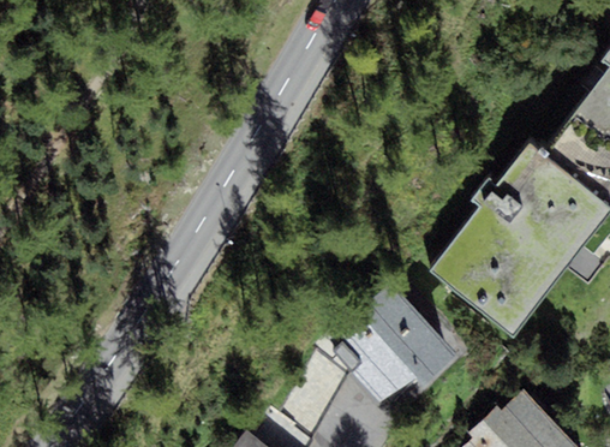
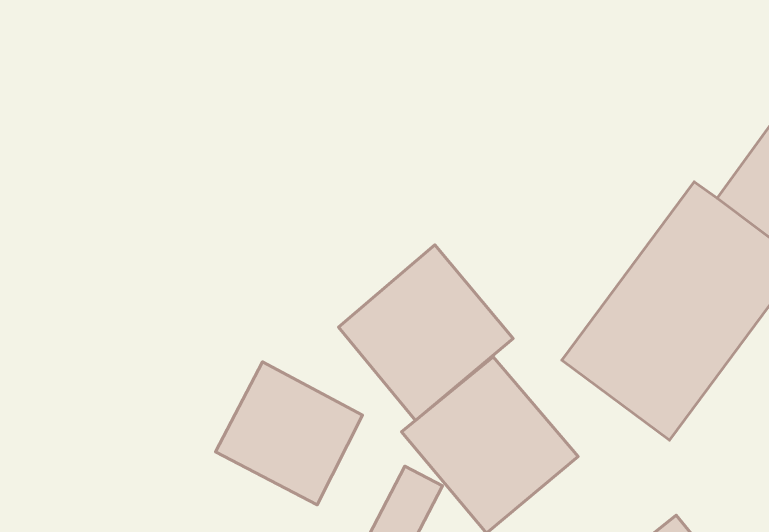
building: none -> [339,245,513,421]
building: none -> [215,362,363,505]

